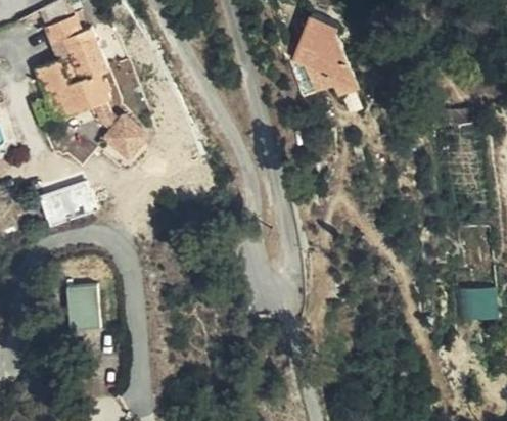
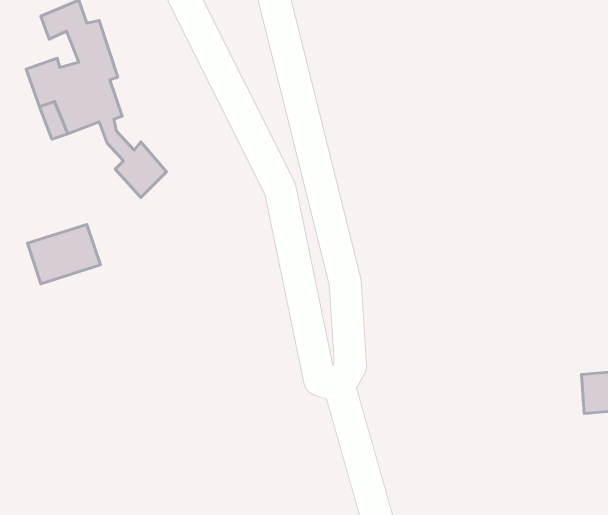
building: [294,35,364,115] -> none
building: [67,280,100,325] -> none

